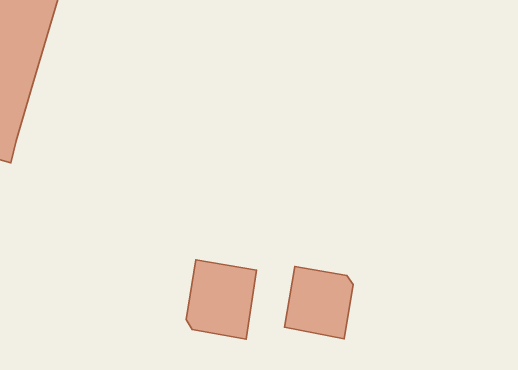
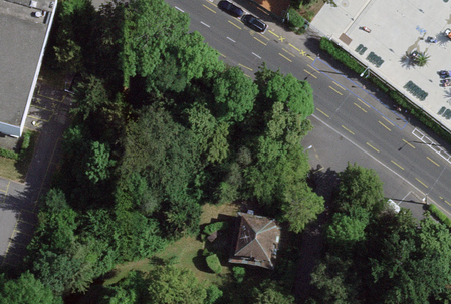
building: [186,260,256,339] -> none

